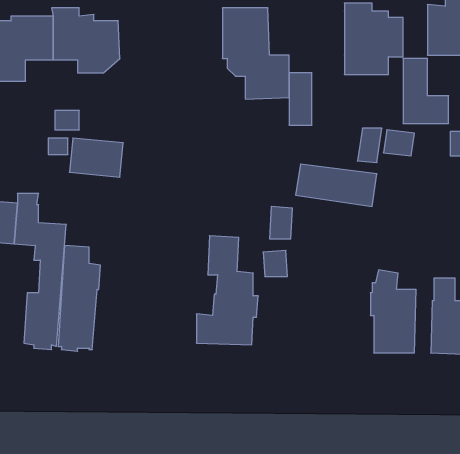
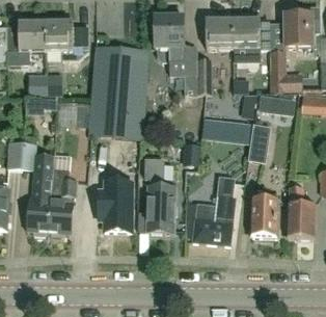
building: none -> [205,19,232,47]
building: none -> [90,46,146,138]
building: none -> [247,123,271,162]
building: none -> [186,177,235,245]
building: none -> [98,181,132,230]

